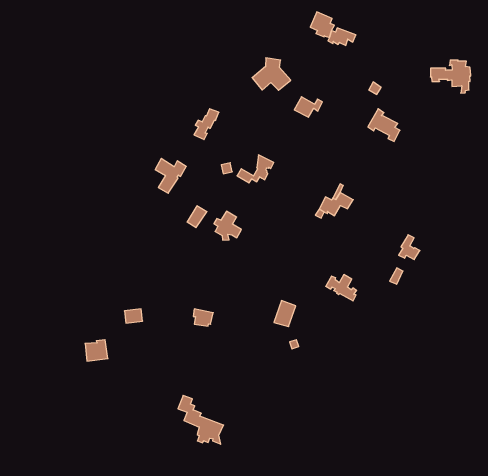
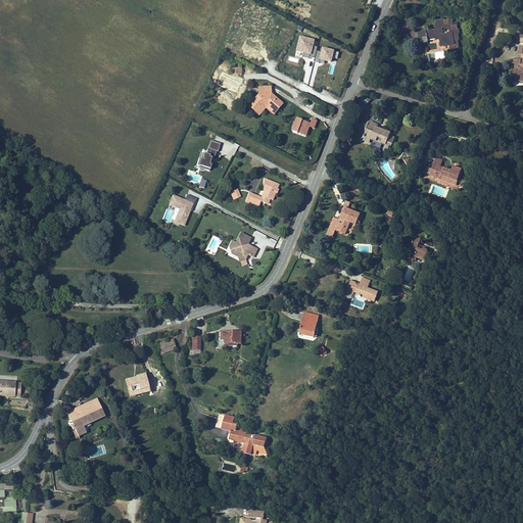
building: [430,60,471,93] -> [419,19,458,50]
building: none -> [429,157,463,185]
building: none -> [66,395,104,433]

